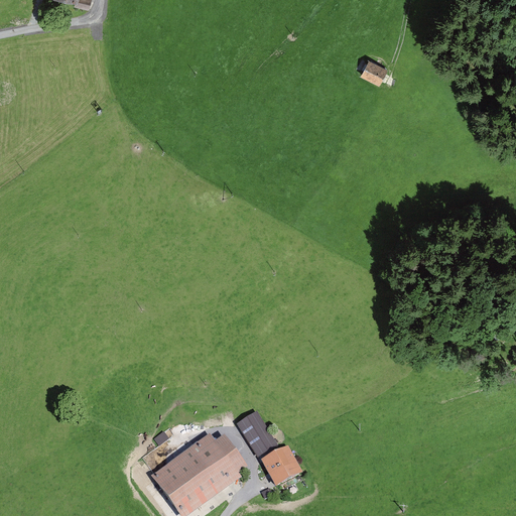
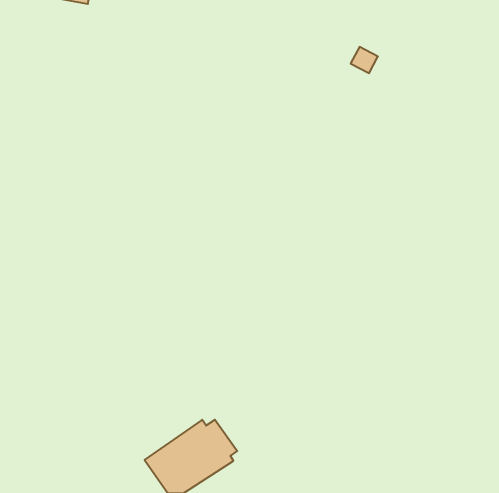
building: [236,409,279,456] -> none
building: [261,444,299,484] -> none

